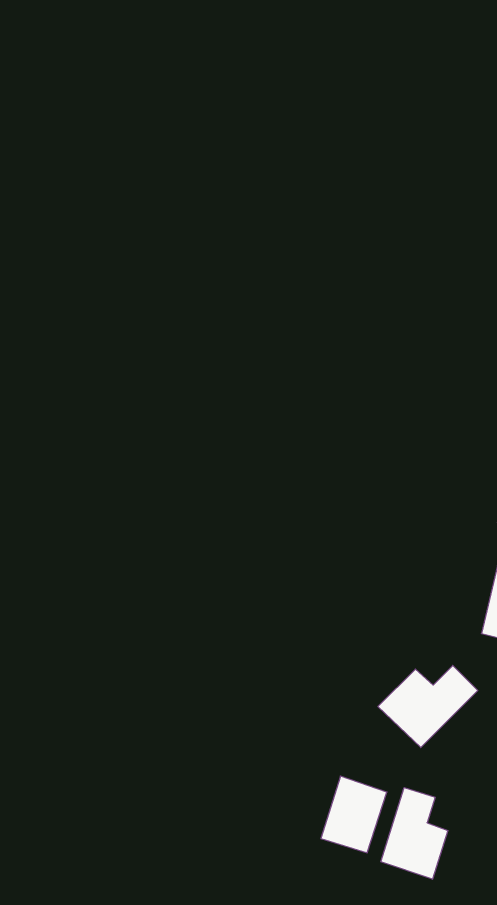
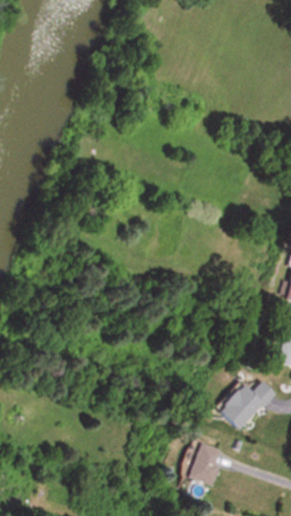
building: [381,788,448,879] -> none

